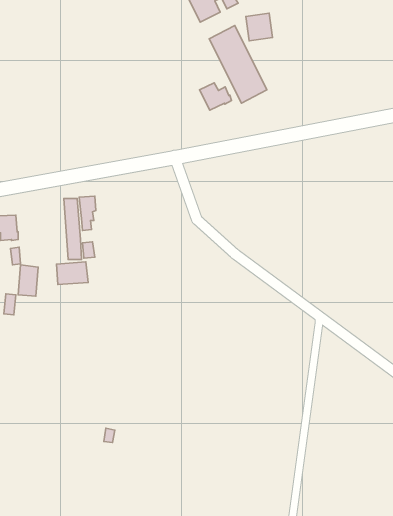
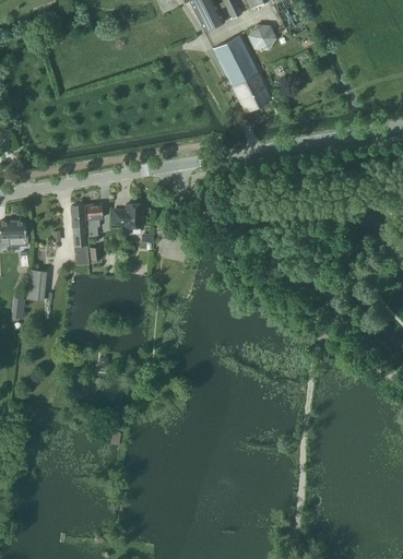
building: [200,83,232,110] -> none
building: none -> [114,203,142,227]
building: [56,262,88,285] -> none

